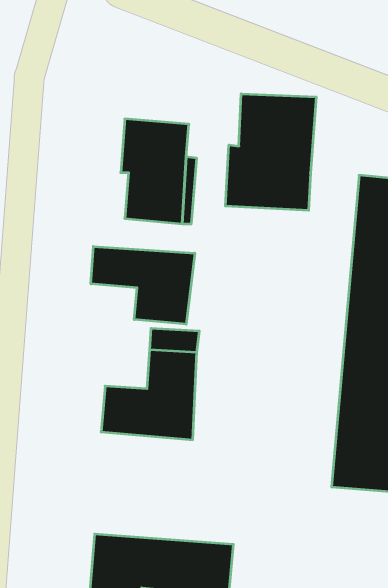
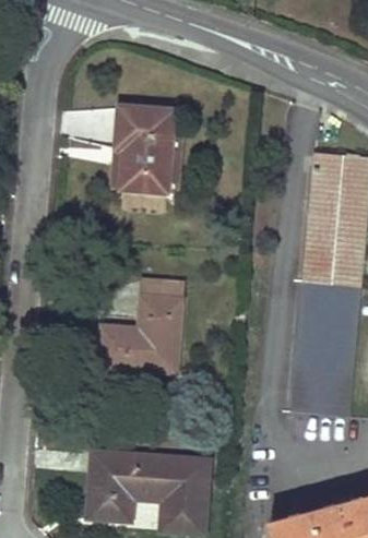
building: [225,94,316,210] -> none
building: [91,246,195,324] -> none

